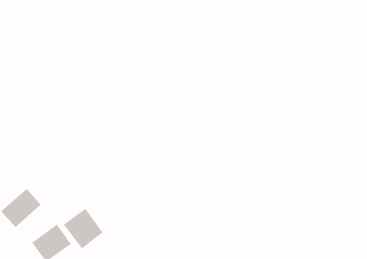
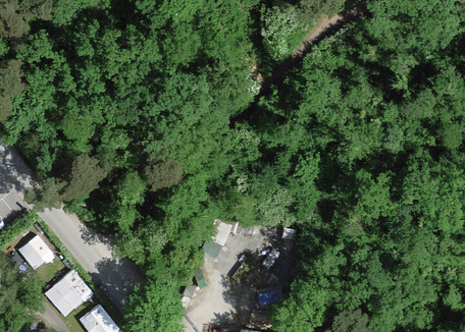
building: [63,208,104,250] -> none

